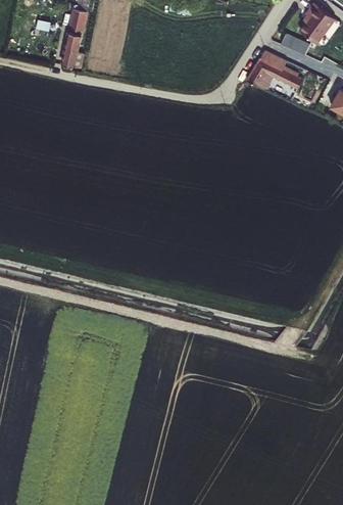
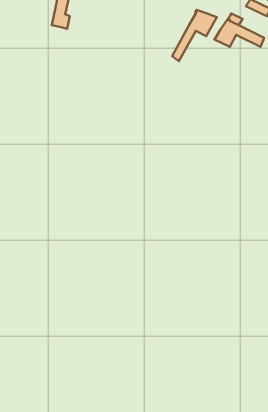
building: none -> [172,10,217,61]

